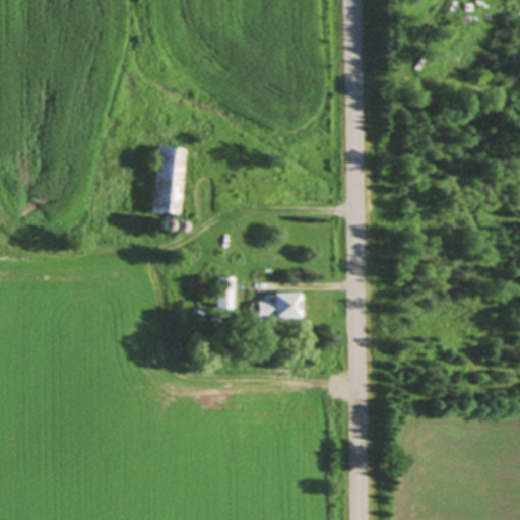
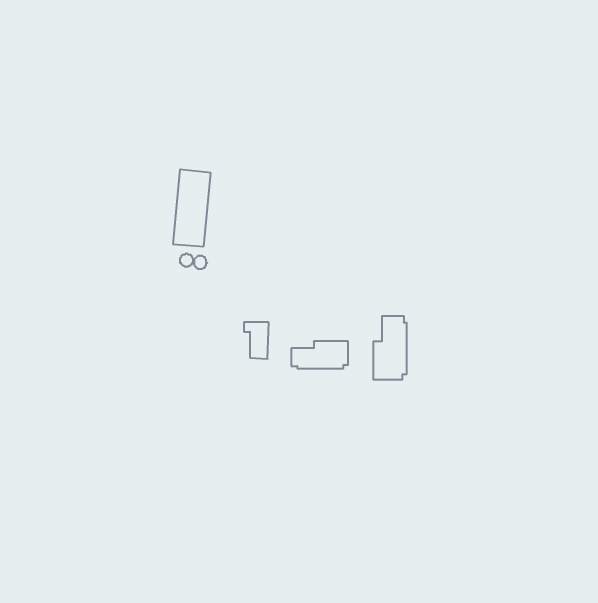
building: none -> [373,316,407,380]

